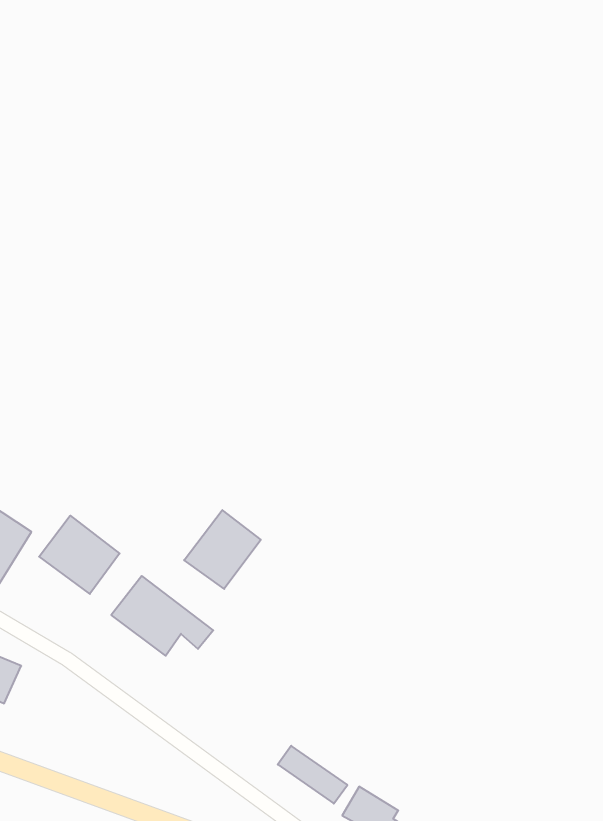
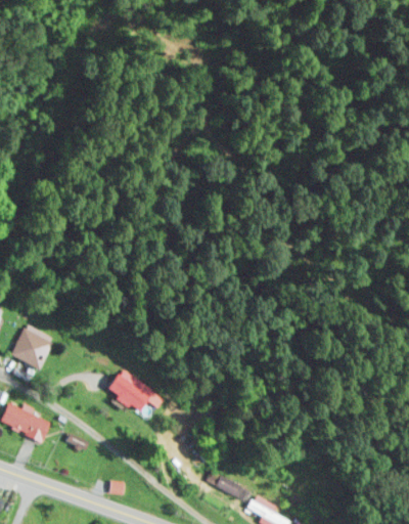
building: [184,510,261,589] -> none
building: [39,516,120,594] -> none

